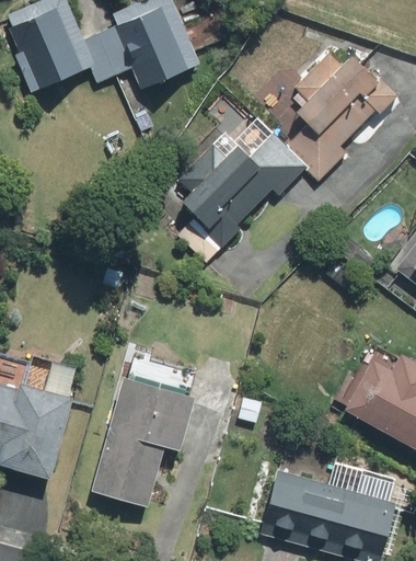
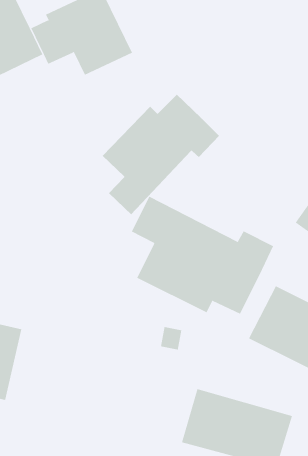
building: [286,47,397,178] -> none
building: none -> [131,196,274,315]
building: [89,355,199,510] -> none

